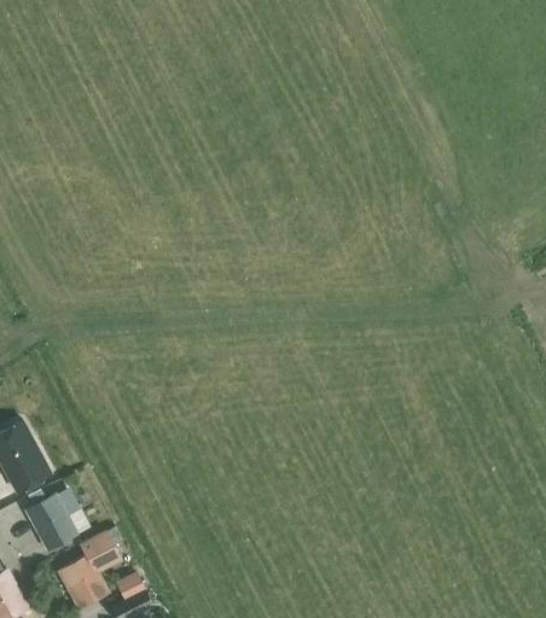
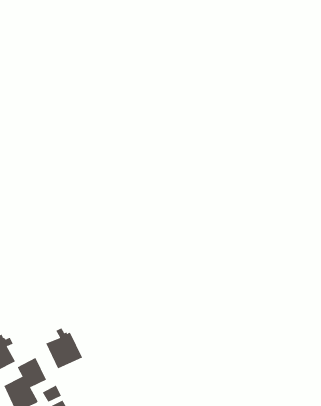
building: none -> [45,328,83,369]

